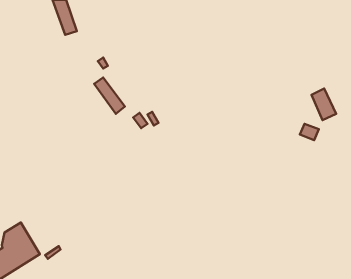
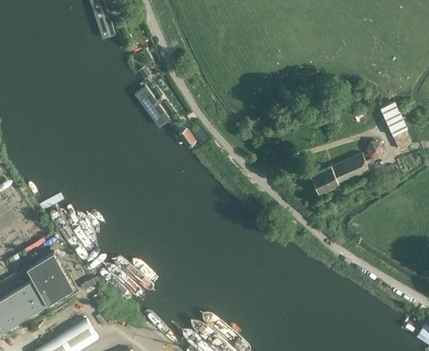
building: none -> [311,154,369,196]

